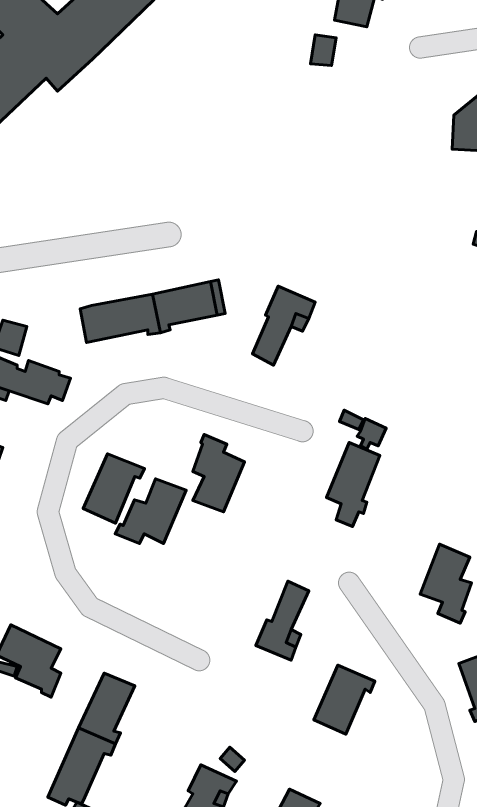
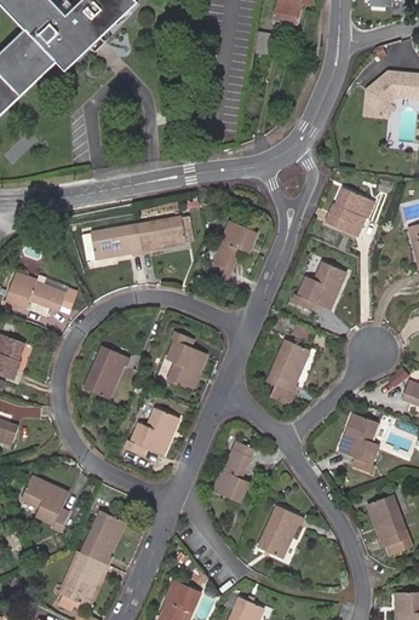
building: none -> [327,188,375,235]
building: none -> [291,260,344,310]
building: [115,479,186,543] -> [126,408,179,457]

